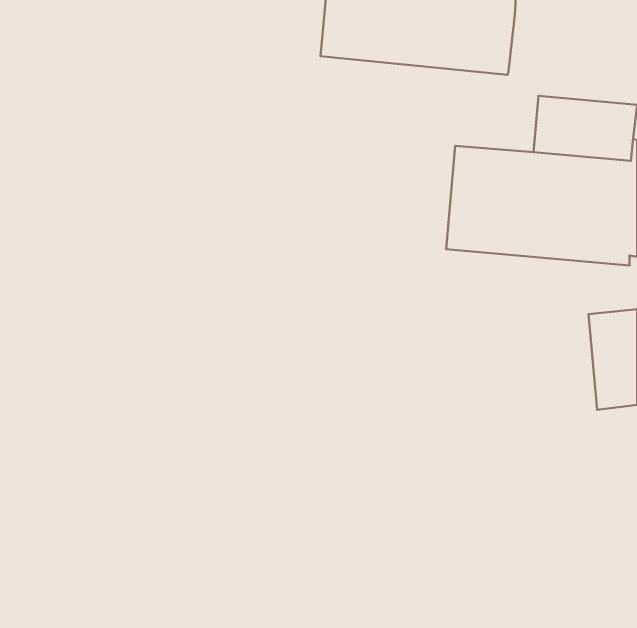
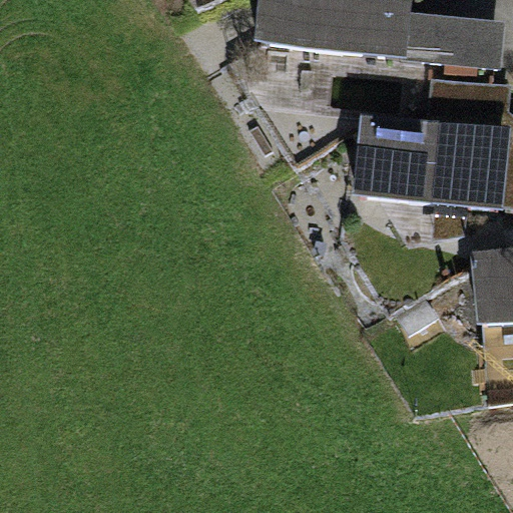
building: none -> [409,12,506,67]

